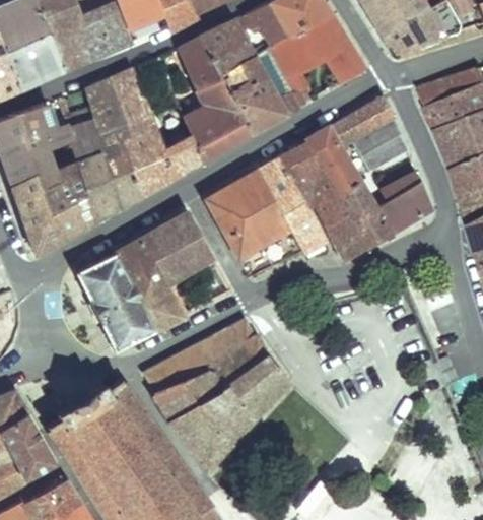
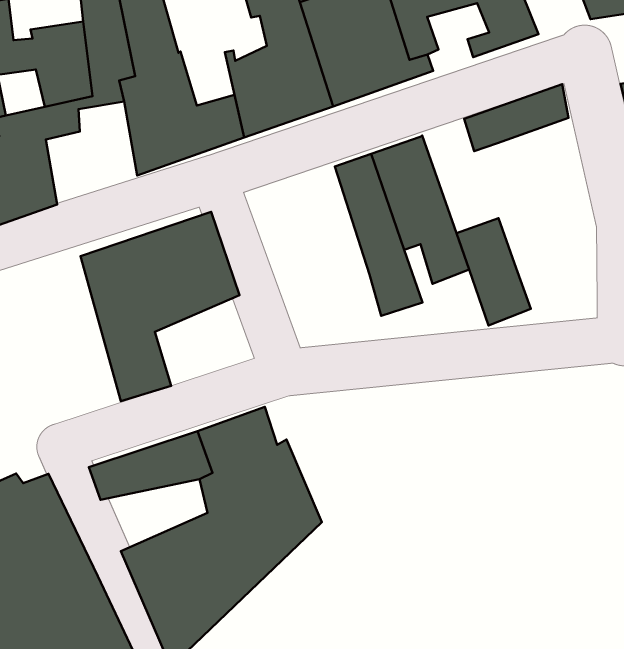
building: [352,116,407,172] -> none
building: [306,127,360,196] -> none
building: [83,151,141,219] -> none
building: [205,169,289,257] -> none
building: [374,173,430,234] -> none
building: [328,216,365,262] -> none
building: [75,248,154,350] -> none
building: [152,369,217,419] -> none

